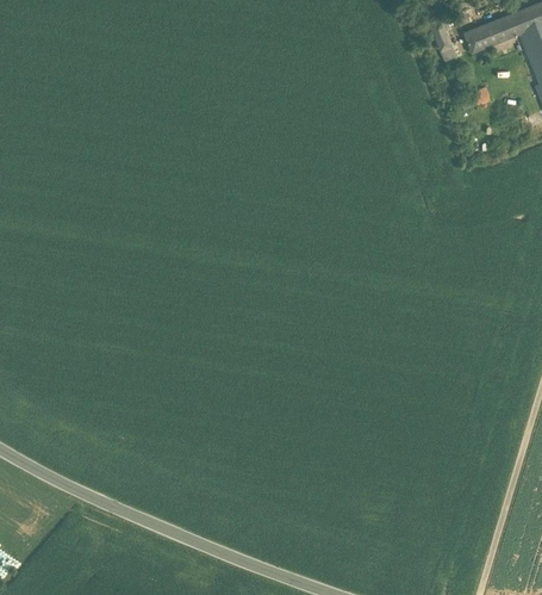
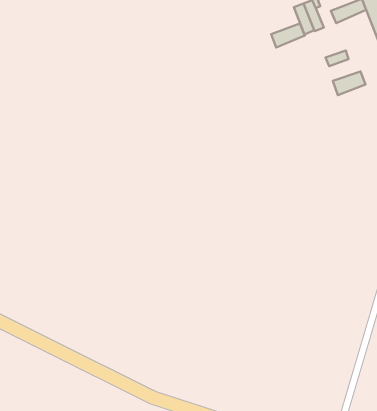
building: none -> [271,24,305,47]
building: none -> [333,72,366,95]

